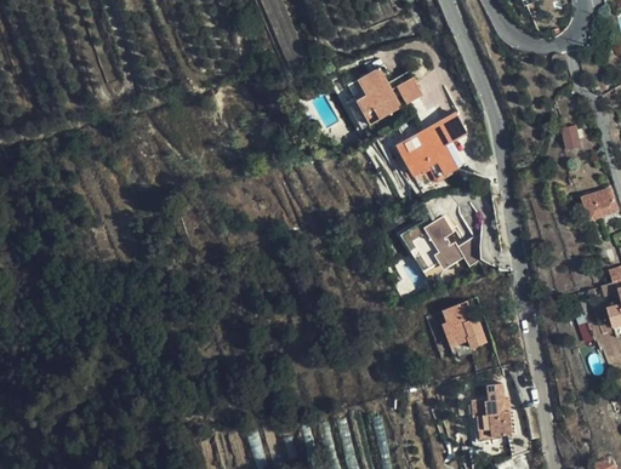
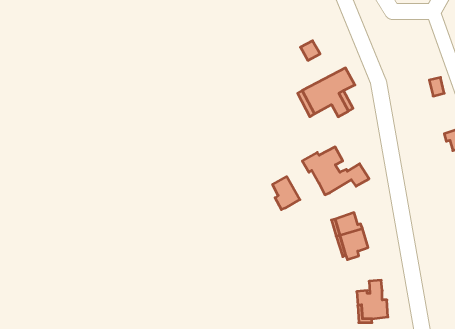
building: [358,68,401,124] -> none
building: none -> [273,177,300,210]

